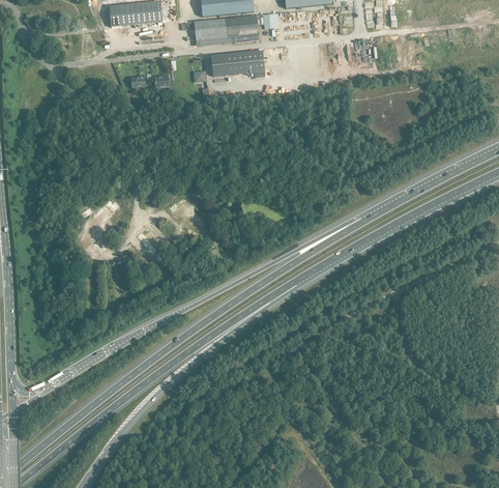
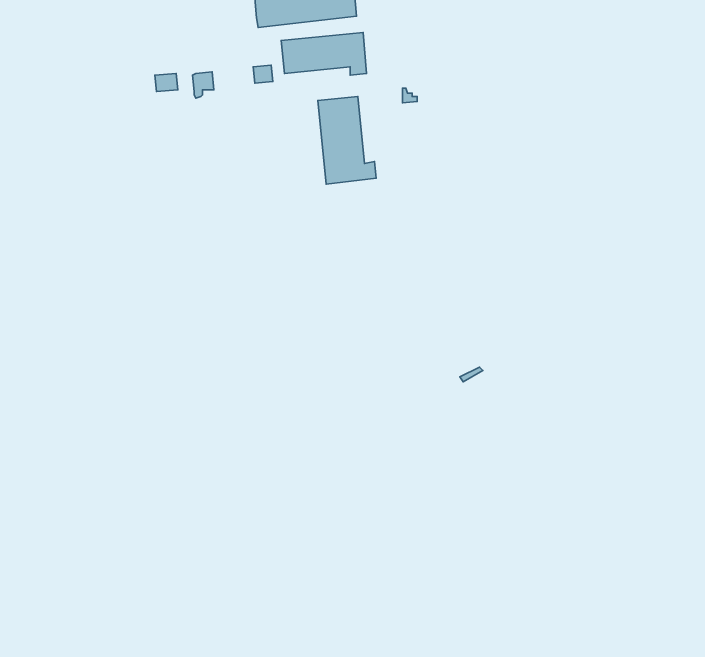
building: none -> [318,96,376,184]

